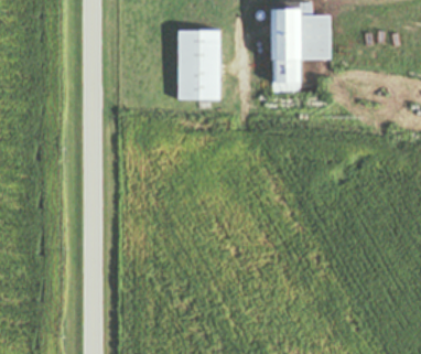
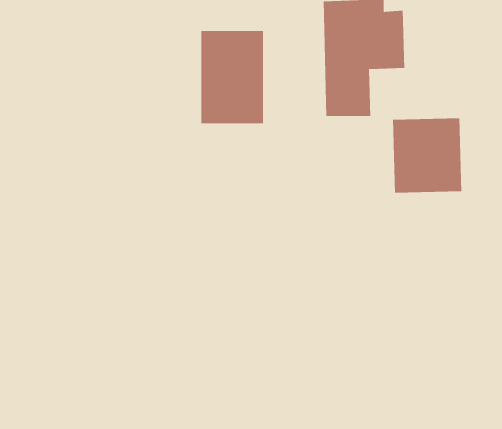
building: none -> [392,118,462,194]

